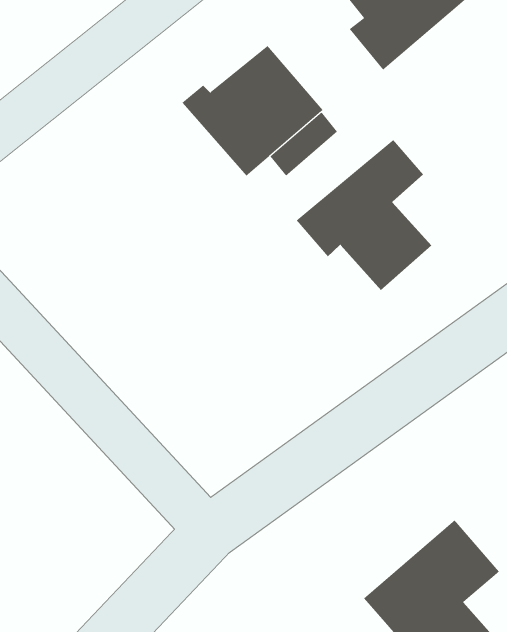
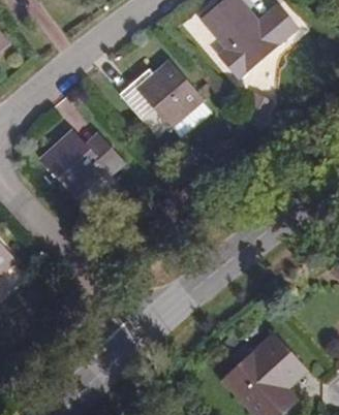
building: [296,139,432,291] -> none
building: none -> [37,130,119,195]

